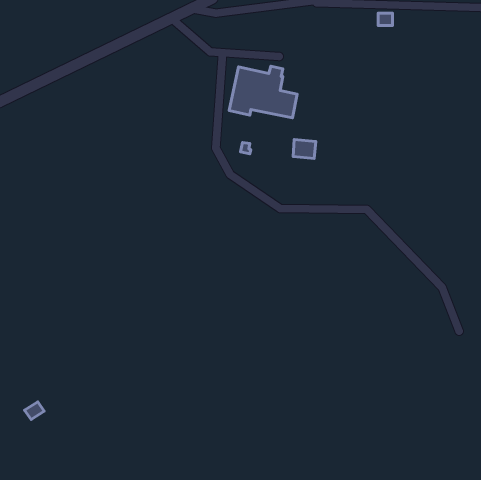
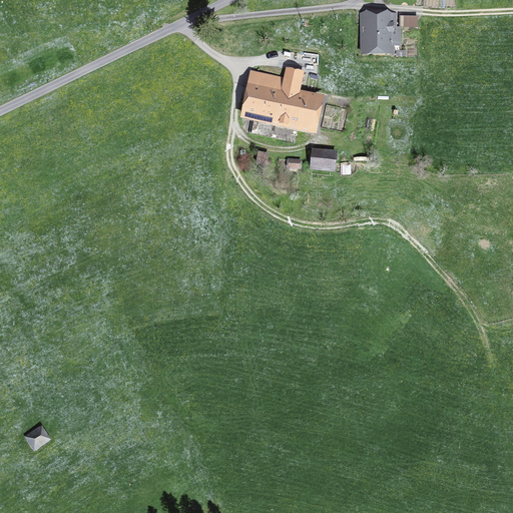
building: none -> [361,12,392,49]

